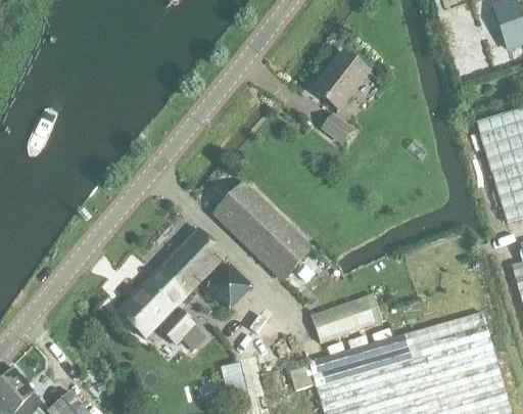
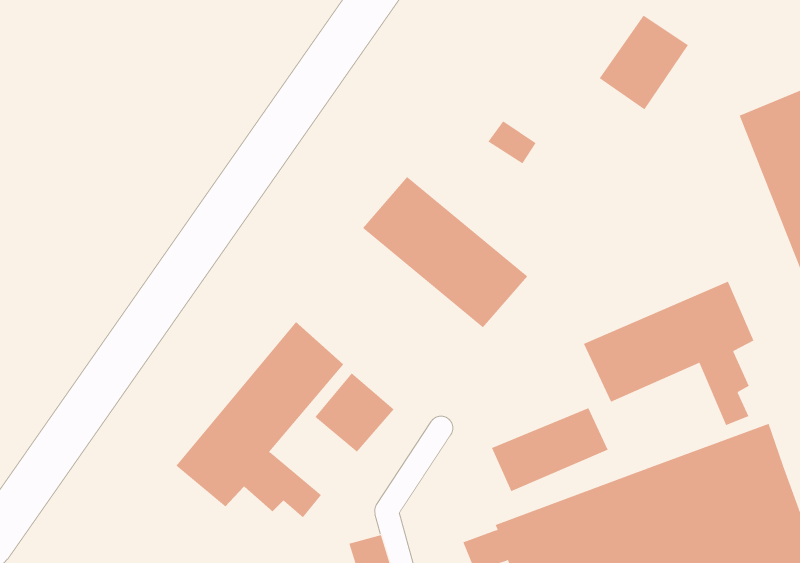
building: [314,51,370,109] -> [599,15,689,110]
building: [209,186,308,282] -> [362,176,528,328]
building: none -> [583,281,754,426]

